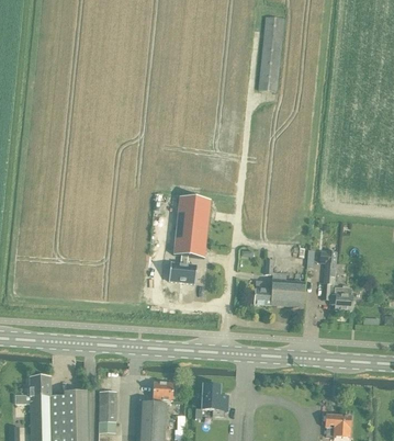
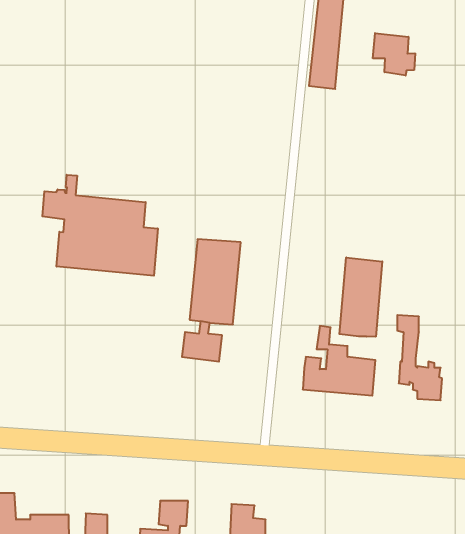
building: none -> [373,33,415,76]
building: none -> [42,175,158,276]
building: none -> [339,257,382,337]

